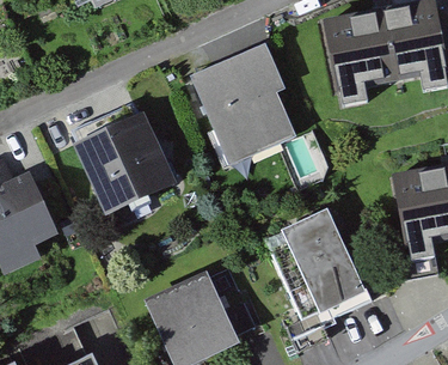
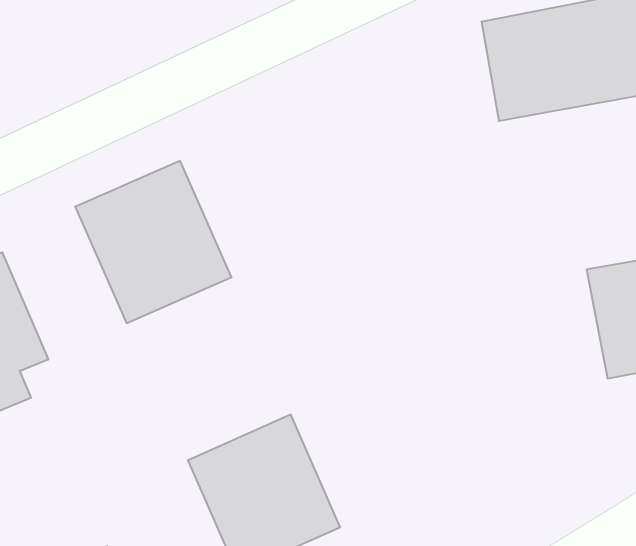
building: [190,47,294,163] -> none
building: [280,209,364,317] -> none

